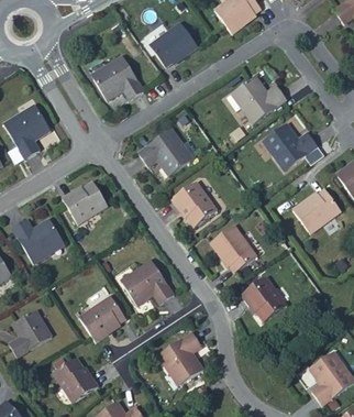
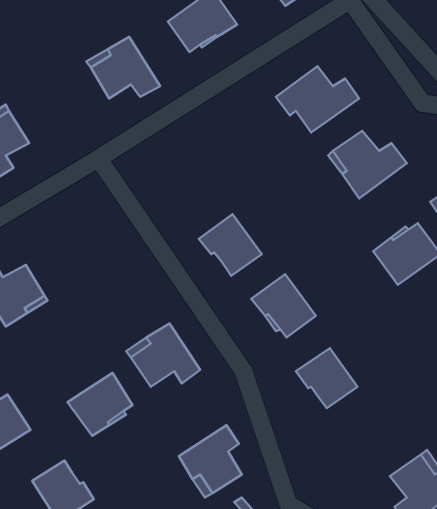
building: [139,129,196,176] -> none
building: [62,183,107,224] -> none

